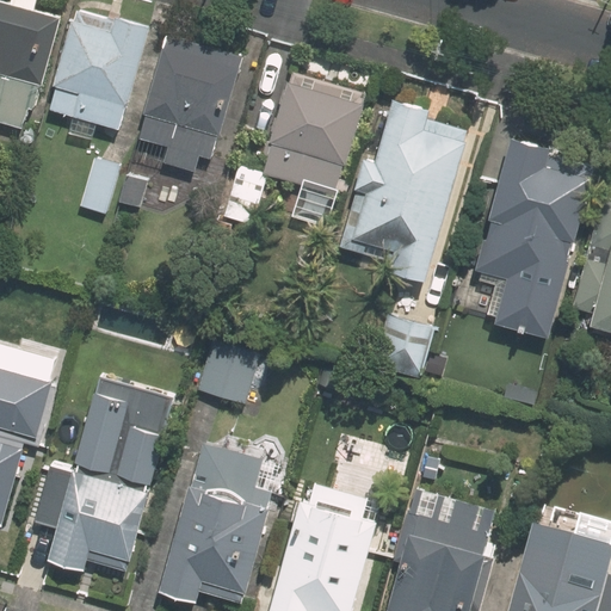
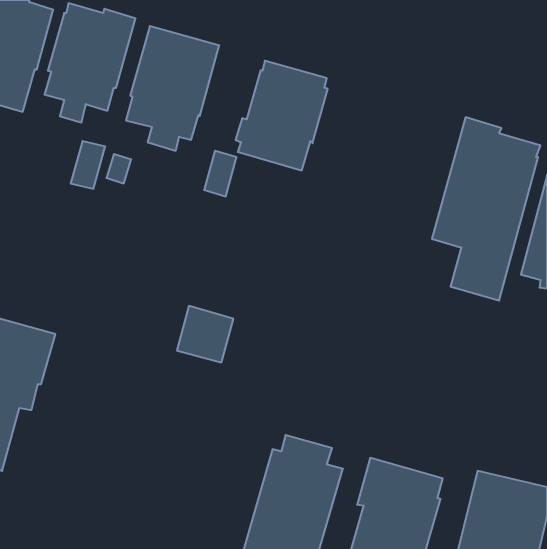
building: [340,98,465,277] -> none
building: [372,314,430,376] -> none
building: [35,376,177,578] -> none
building: [159,443,271,600] -> none

